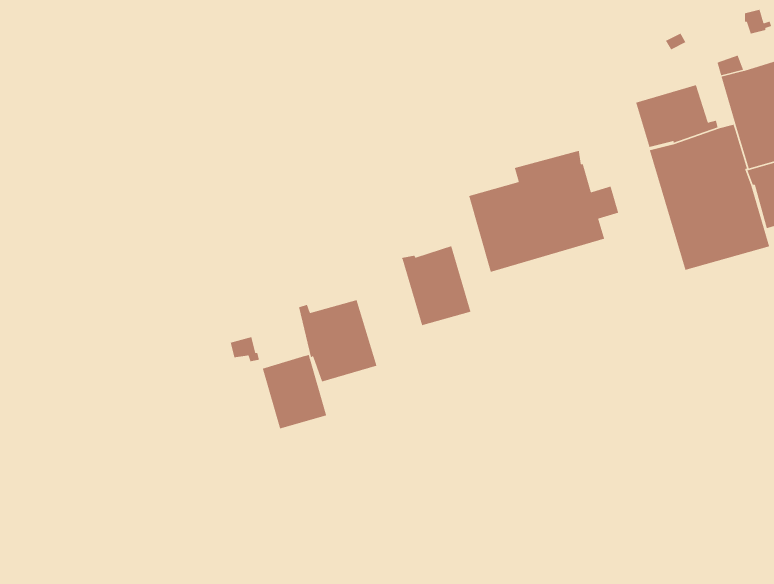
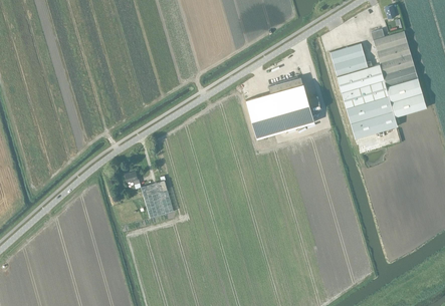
building: [401,245,472,326] -> none
building: [298,299,378,382] -> none

